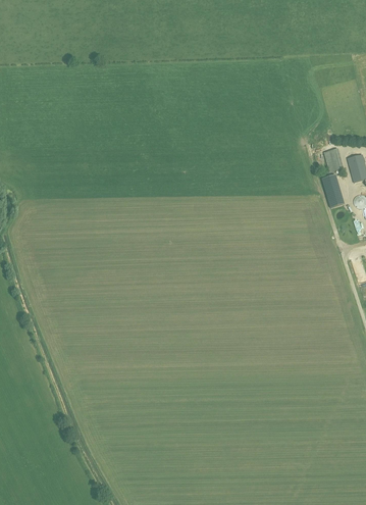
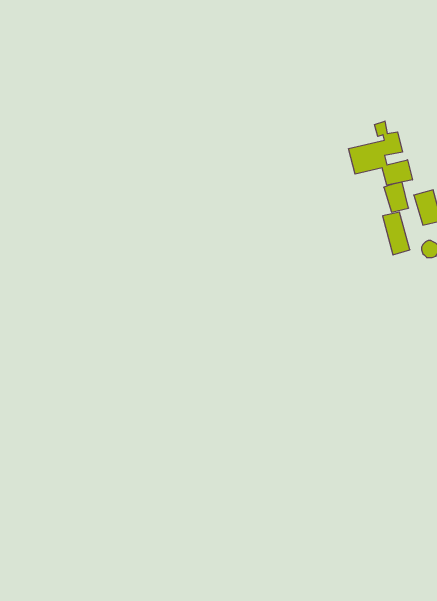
building: none -> [349,121,412,185]

